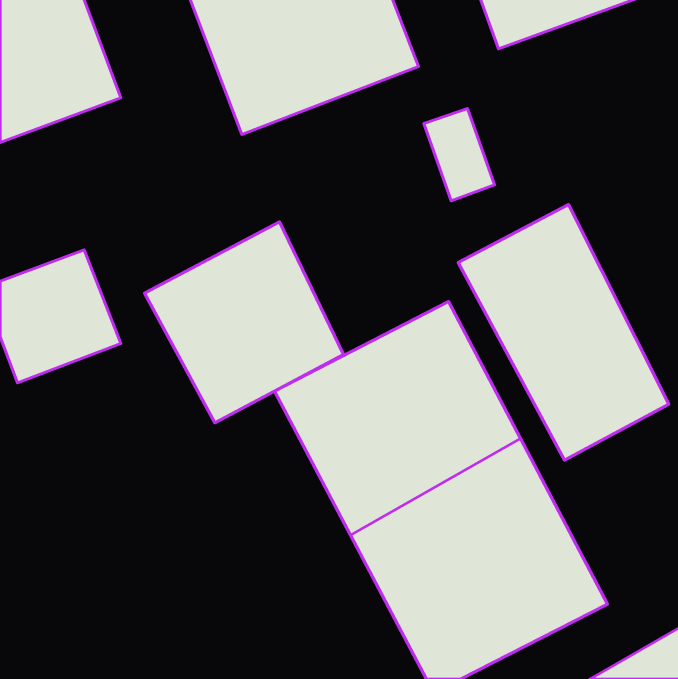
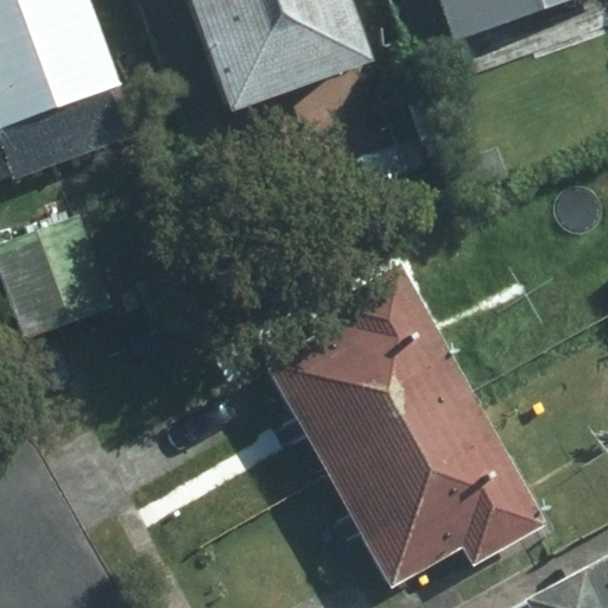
building: [458,204,669,460] -> none
building: [144,222,343,423] -> none

